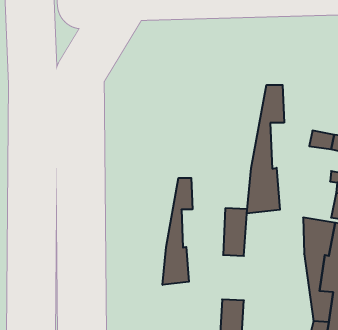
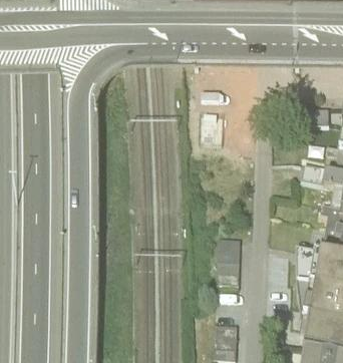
building: [247,85,284,213] -> none
building: [163,178,192,285] -> none

